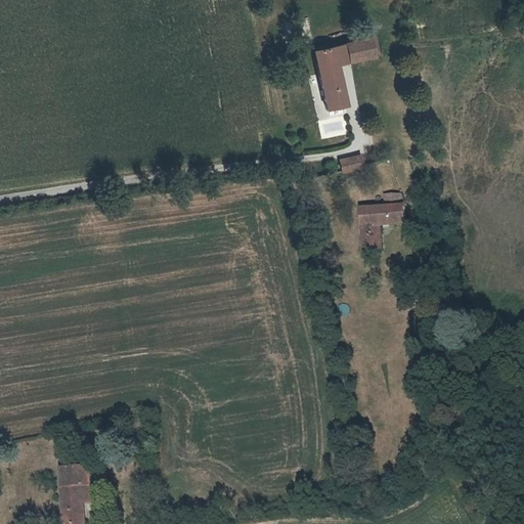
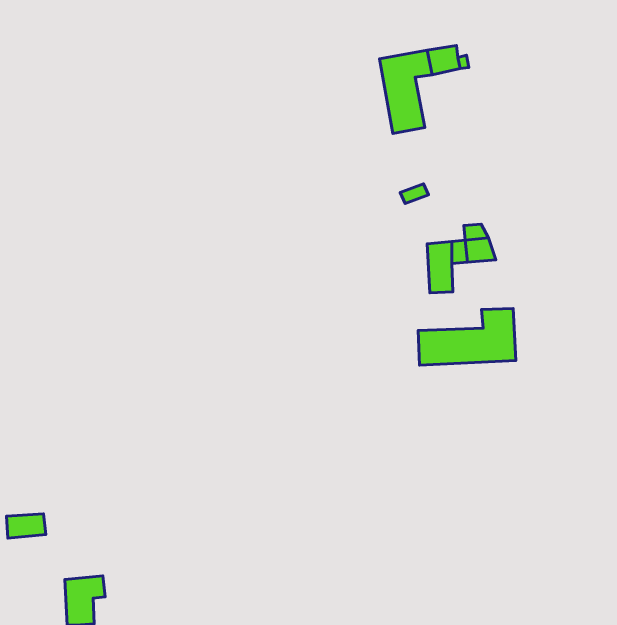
building: none -> [418,308,516,365]
building: [53,465,86,485] -> [7,514,46,538]

